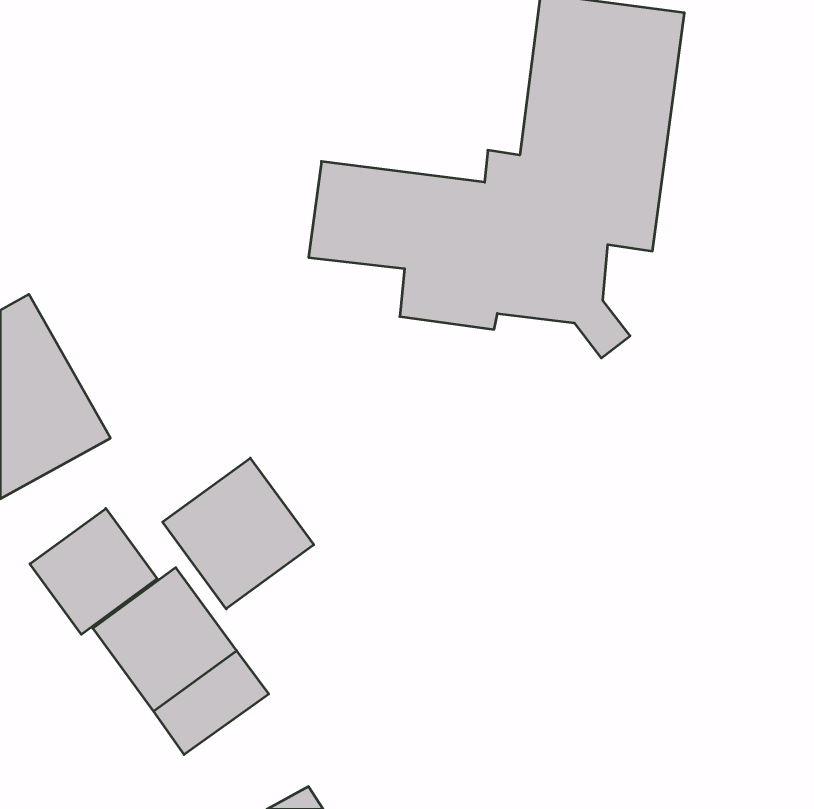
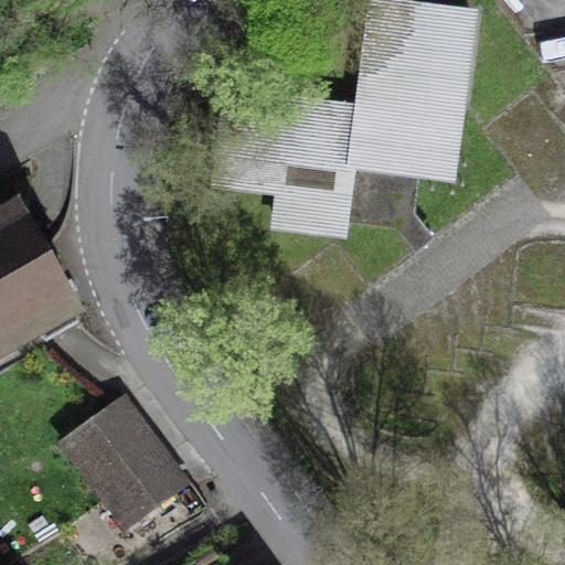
building: [163,458,314,609] -> none
building: [30,508,157,634] -> none

